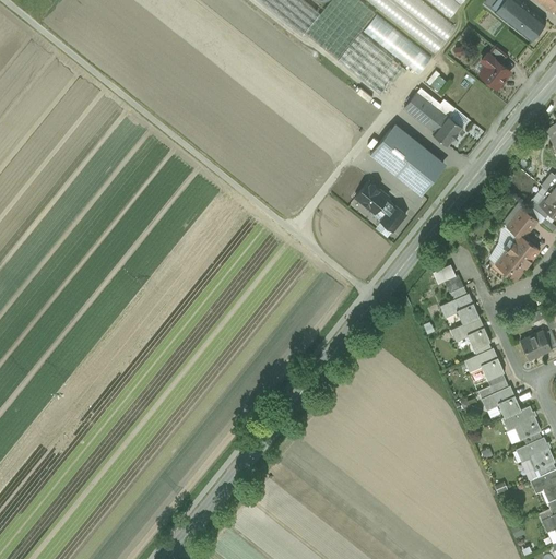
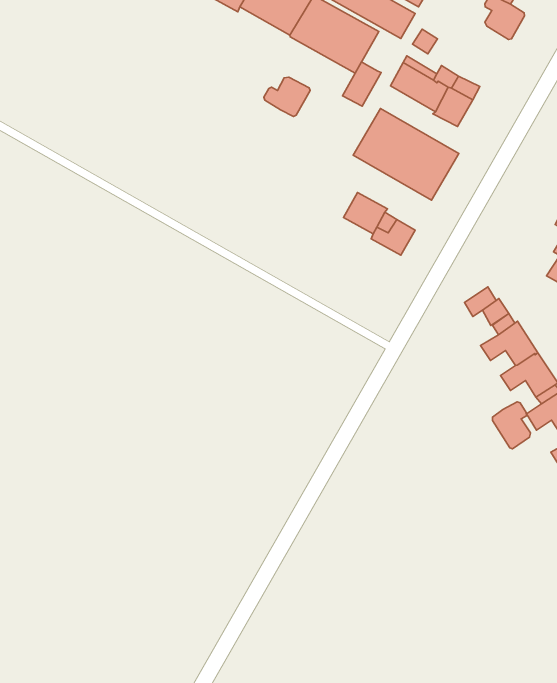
building: none -> [343,62,381,106]
building: none -> [264,77,310,116]
building: none -> [492,402,531,449]

